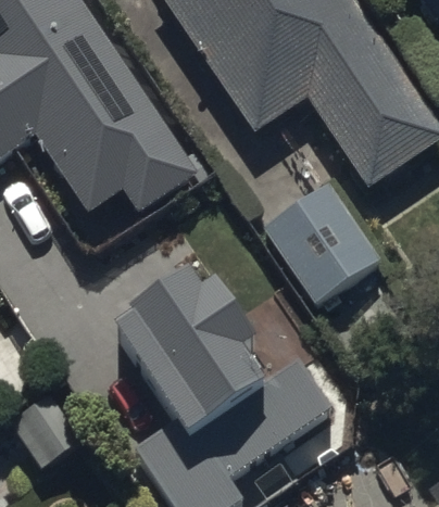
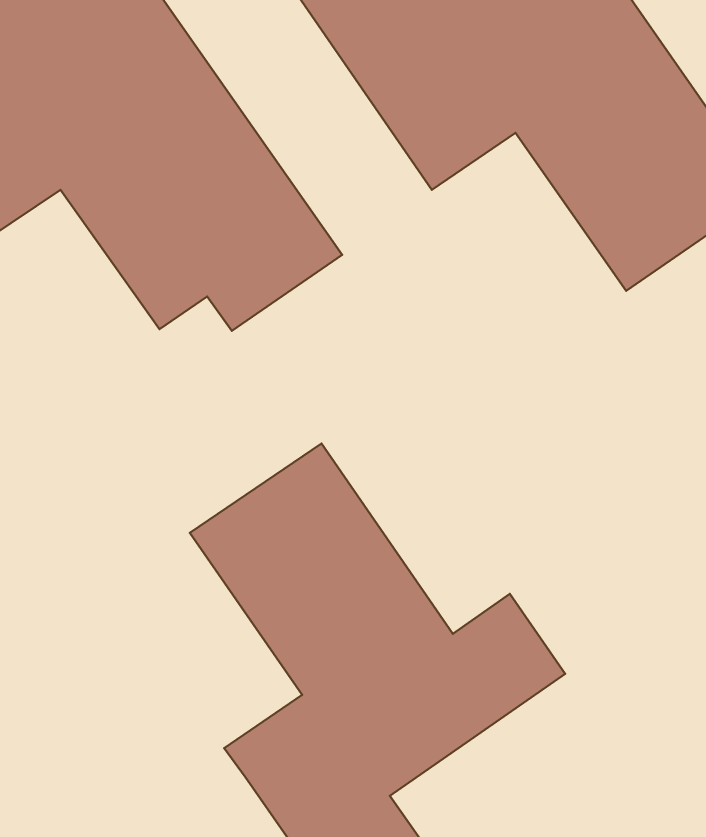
building: [262,180,381,304] -> none

